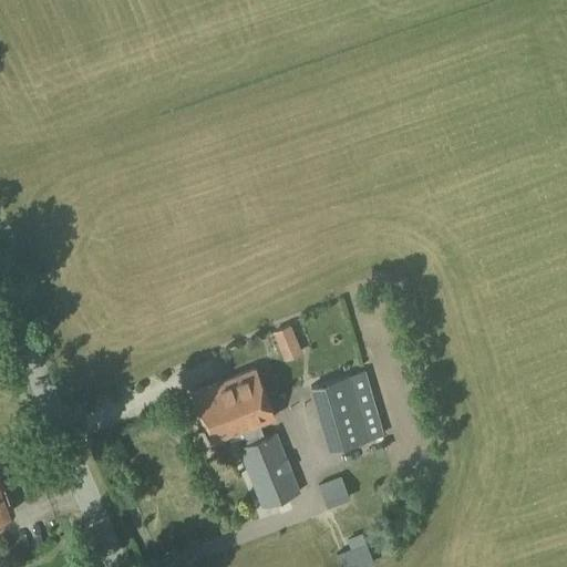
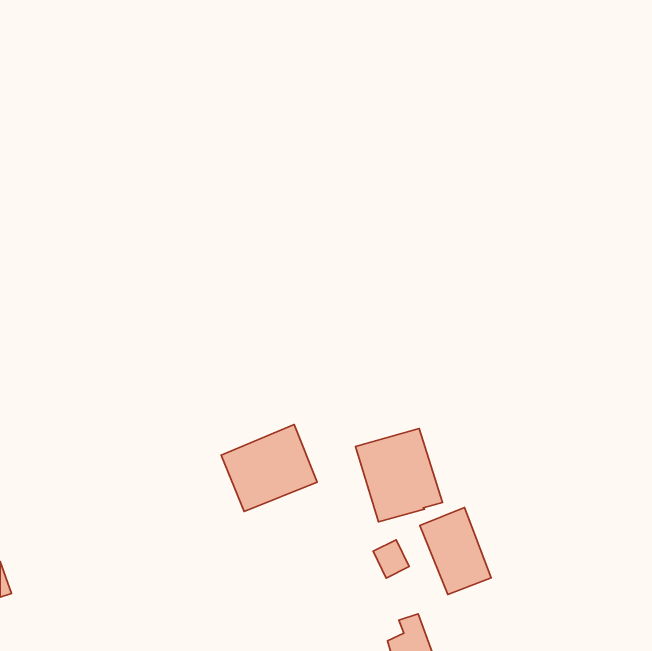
building: [272,327,303,363] -> none
building: [238,434,300,509] -> [420,507,491,594]

